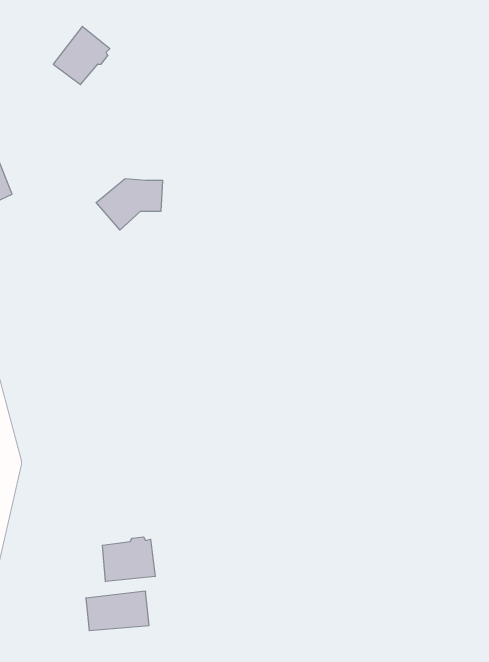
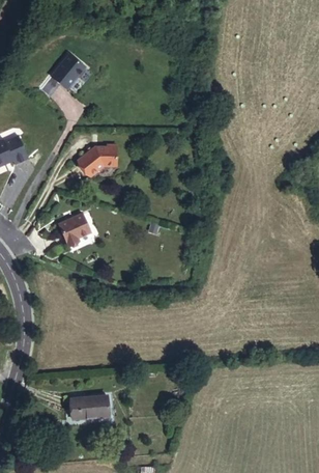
building: none -> [59,212,91,245]
building: [102,537,155,582] -> none

